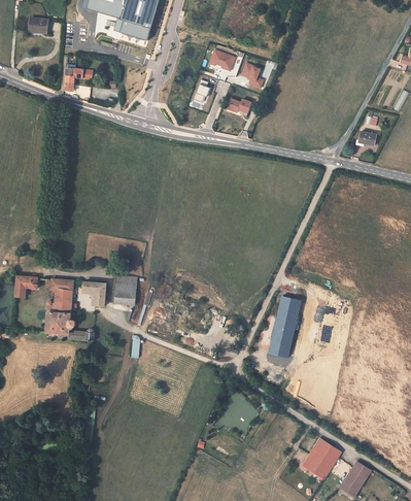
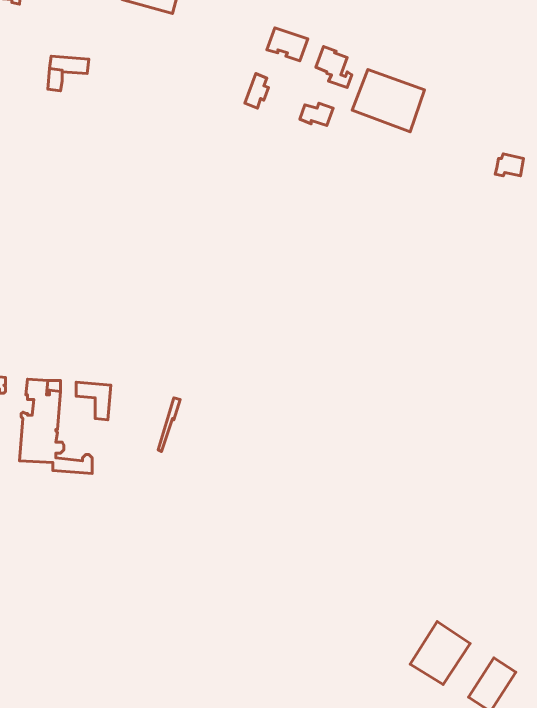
building: none -> [352,70,425,132]
building: [113,275,137,305] -> none
building: [267,297,302,359] -> none

